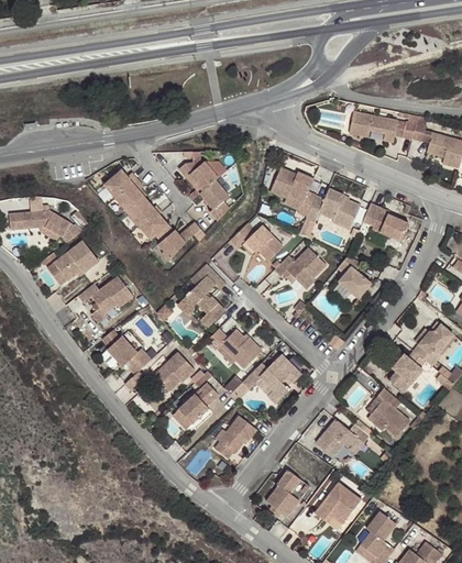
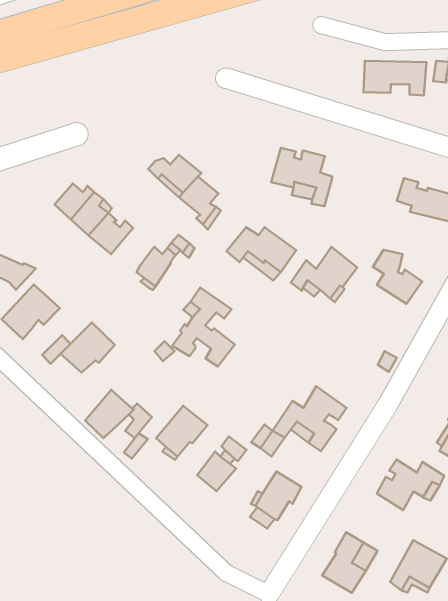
building: [306,188,360,229] -> none
building: [138,217,170,242] -> none
building: [207,329,262,368] -> none

